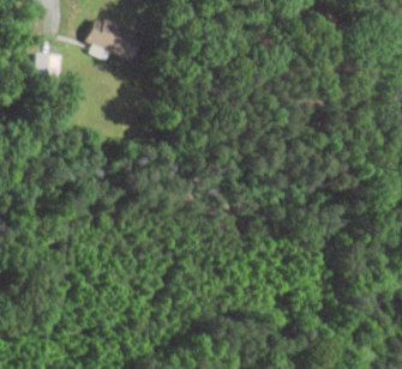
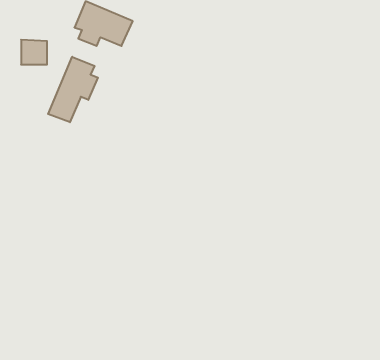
building: none -> [48,57,98,122]

